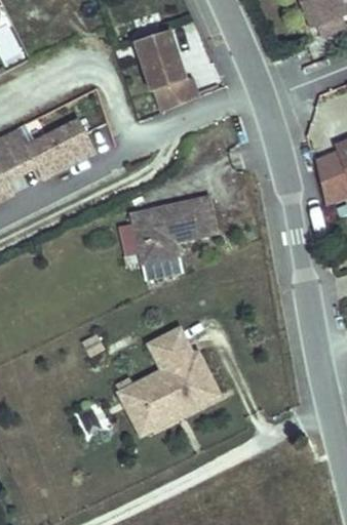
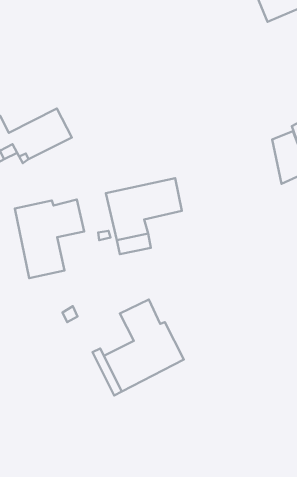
building: [134,30,198,111] -> none
building: none -> [15,199,84,278]

